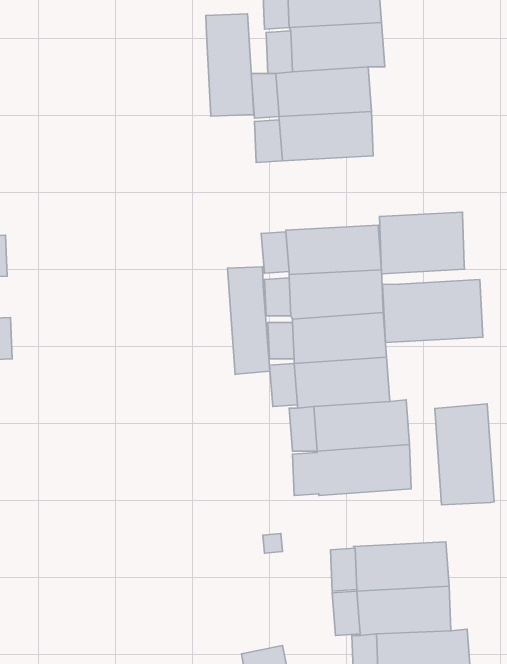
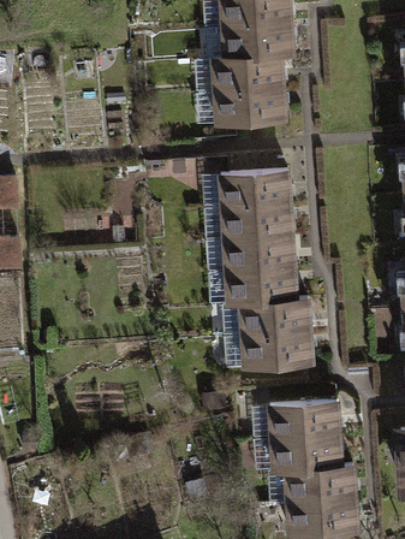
building: [206,14,254,116] -> none
building: [379,212,465,274] -> none
building: [227,267,270,375] -> none
building: [382,279,483,342] -> none
building: [435,404,494,505] -> none

